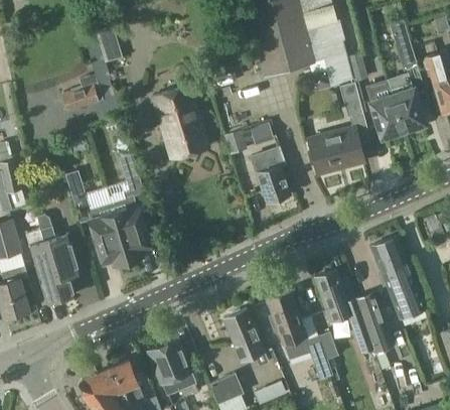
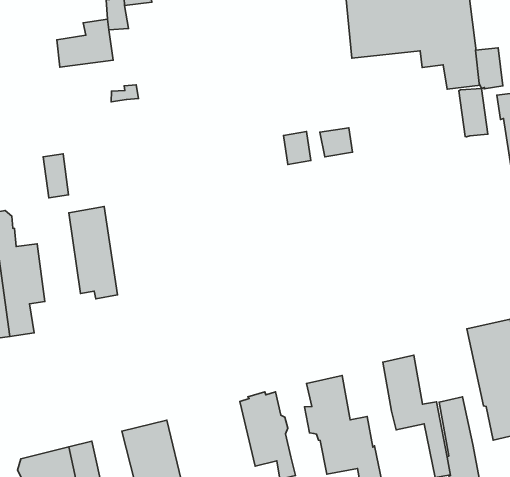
building: [152,86,208,159] -> none
building: [309,127,365,173] -> none
building: [252,148,291,202] -> none
building: [112,153,151,260] -> none

